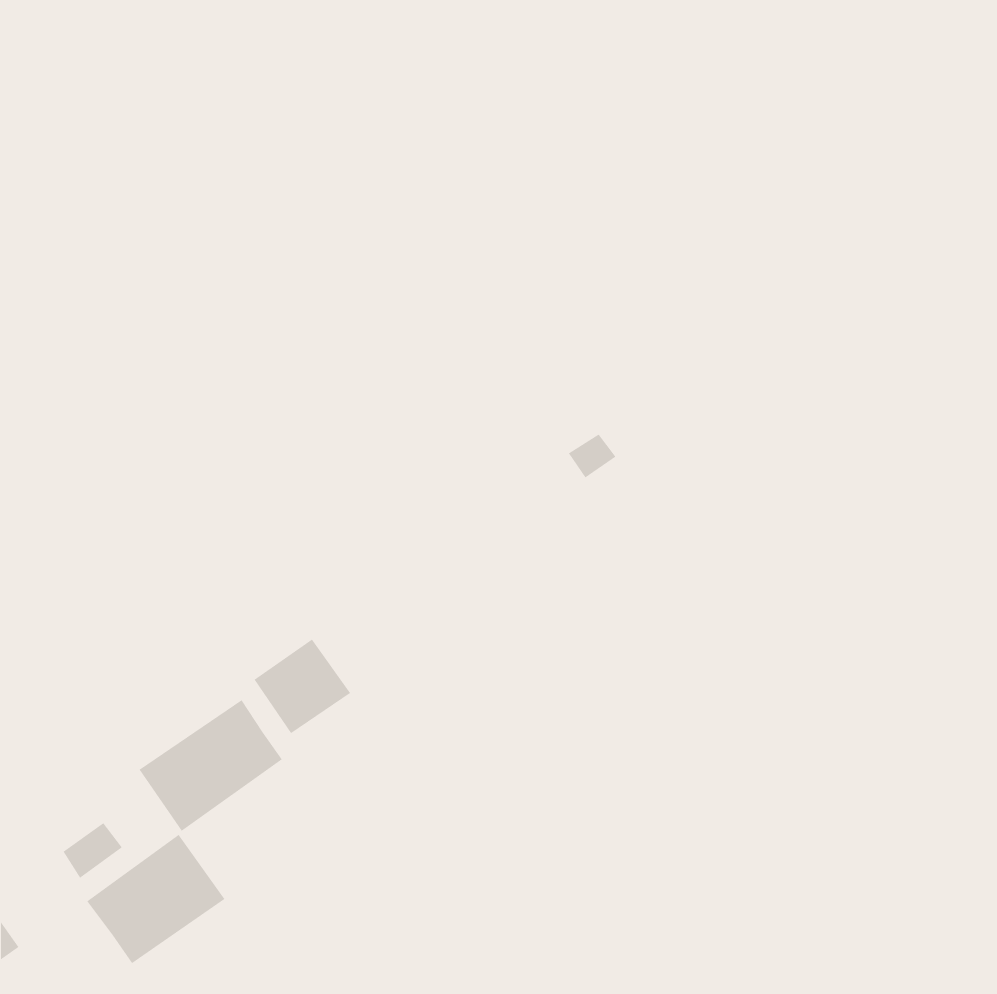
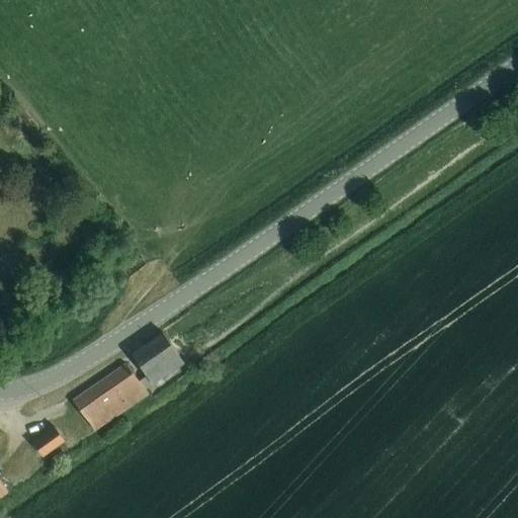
building: [86,834,226,964] -> none

